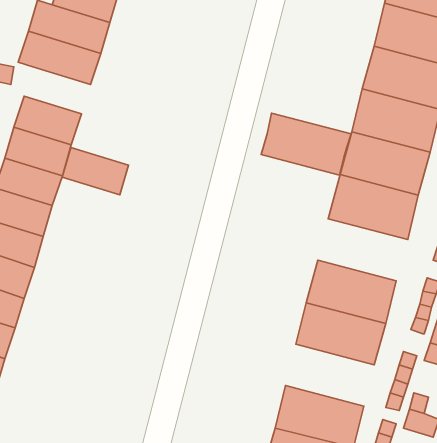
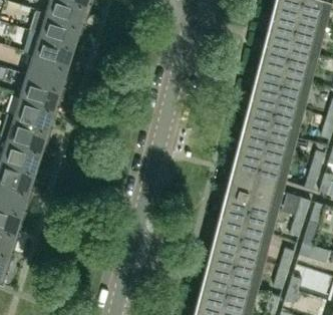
building: [261,113,351,175] -> [227,159,288,201]
building: [62,148,129,195] -> [27,55,72,87]
building: none -> [205,244,265,286]

